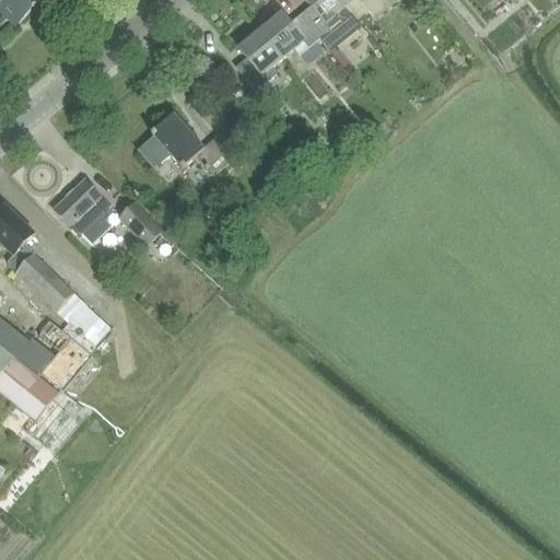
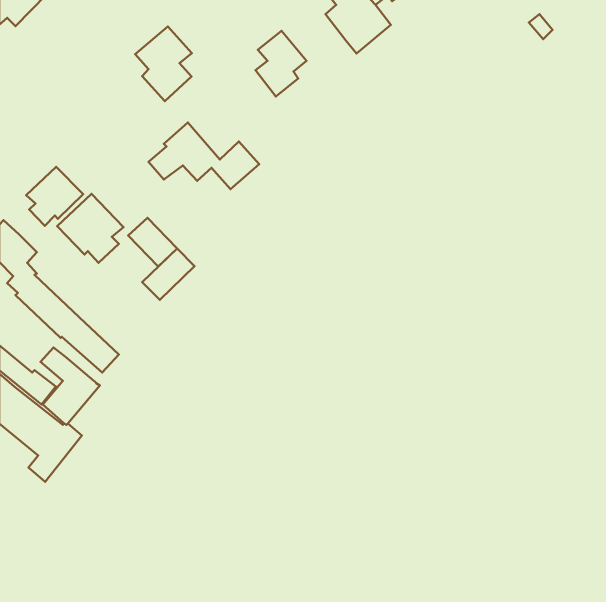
building: [259,11,318,56] -> none
building: none -> [135,26,192,101]
building: none -> [26,167,83,226]
building: none -> [142,248,195,300]

